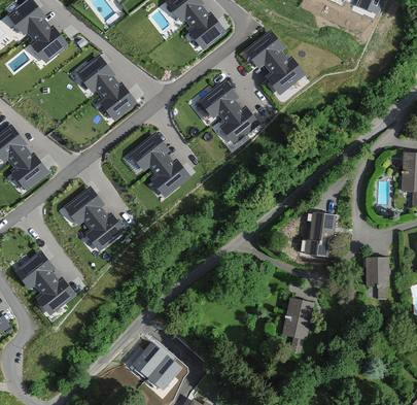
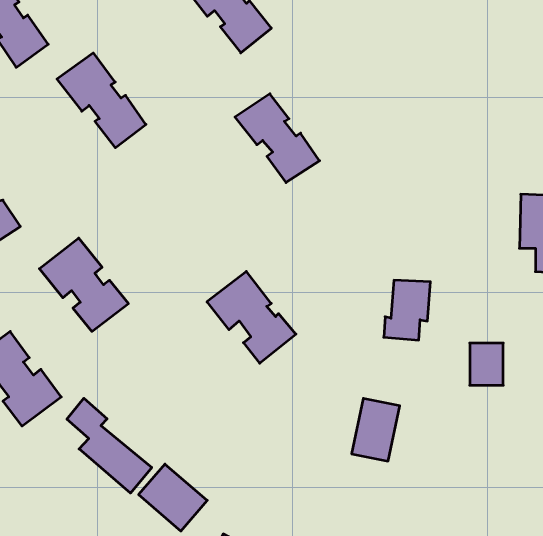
building: [242,31,301,94] -> none
building: [127,130,189,195] -> [207,271,296,363]
building: none -> [67,398,152,493]

